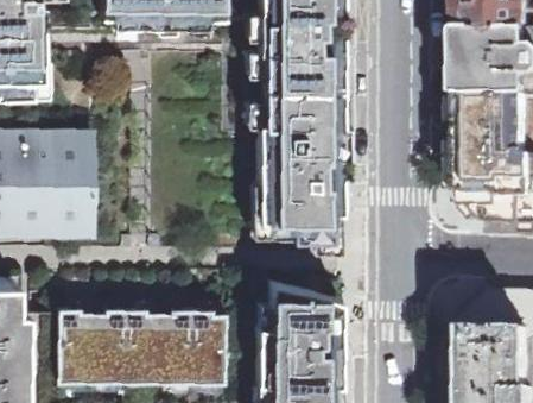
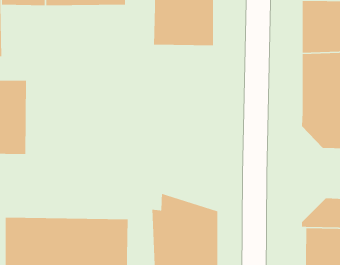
building: [254,84,340,235] -> none

